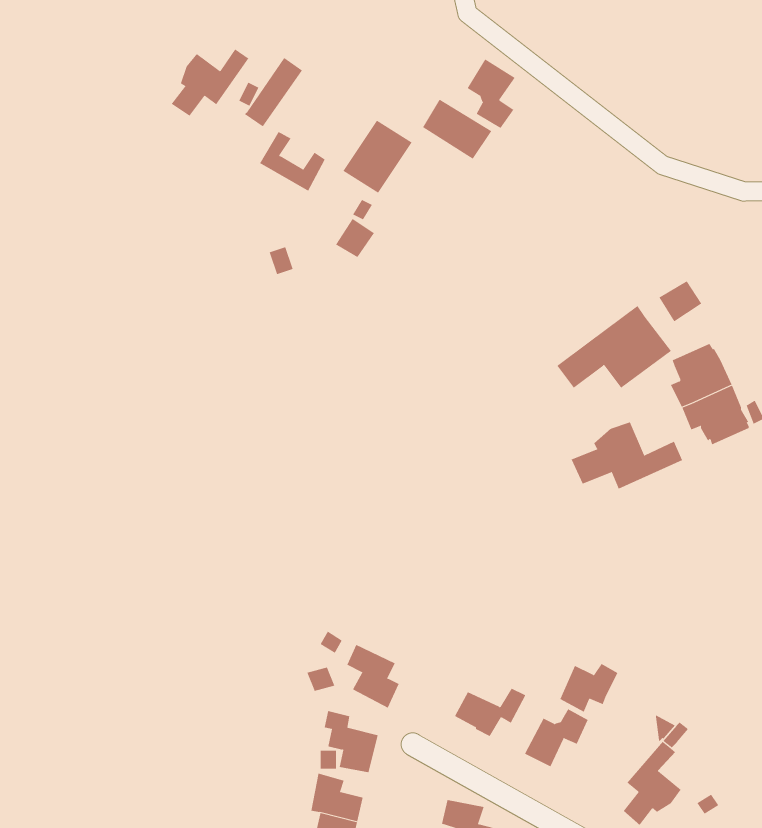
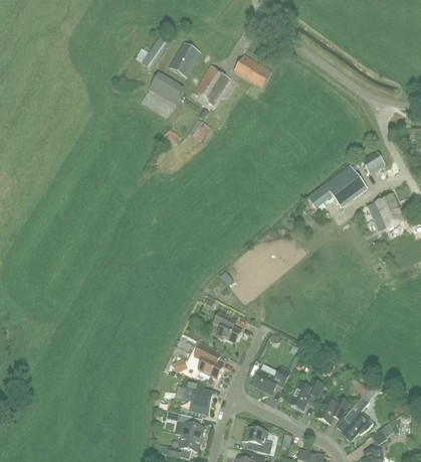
building: [171,48,249,117] -> none
building: [467,58,516,129] -> none
building: none -> [169,41,201,76]
building: [571,421,683,489] -> none
building: none -> [213,311,241,342]
building: [560,663,618,712] -> [318,398,349,424]

